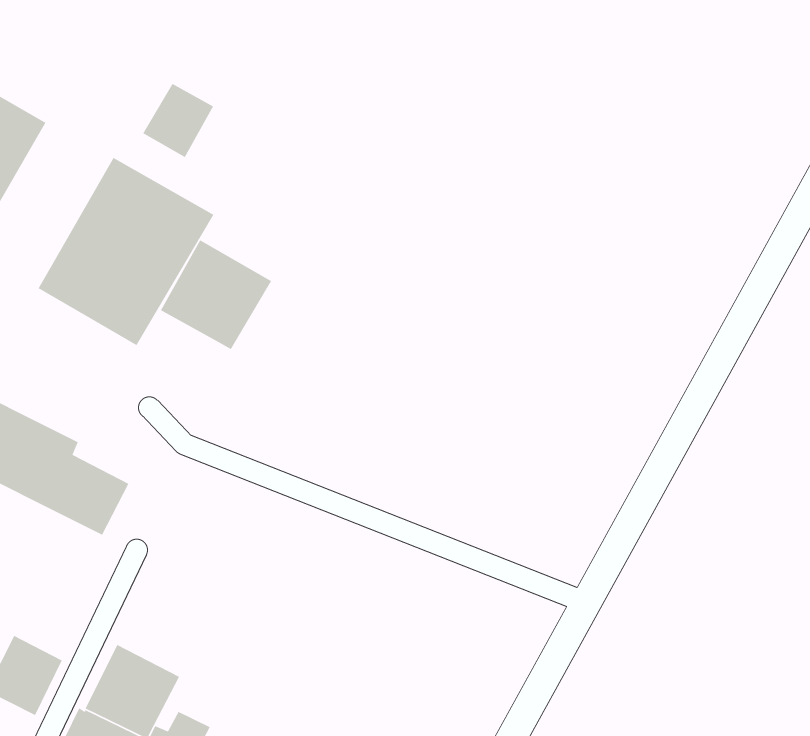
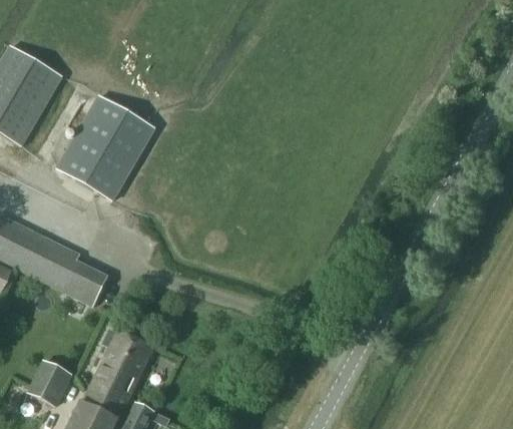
building: [142,83,214,158] -> none
building: [160,239,272,350] -> none
building: none -> [100,328,152,384]

